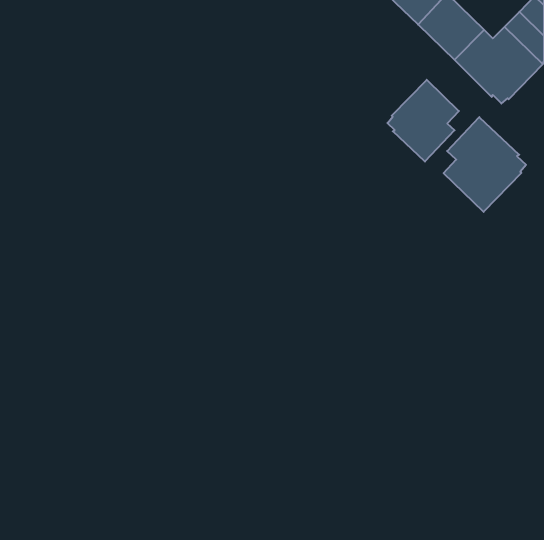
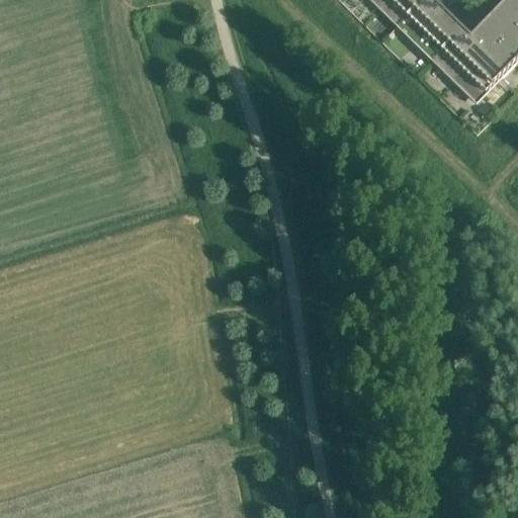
building: [387,80,459,162] -> none
building: [444,117,526,212] -> none

